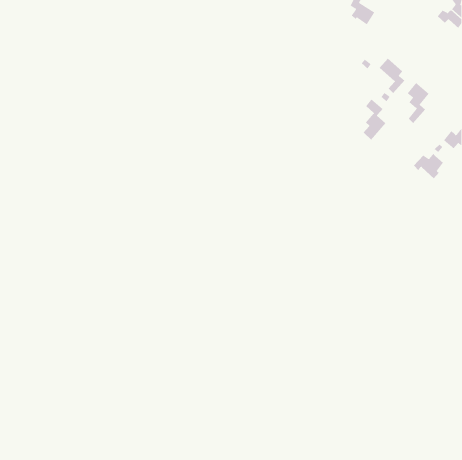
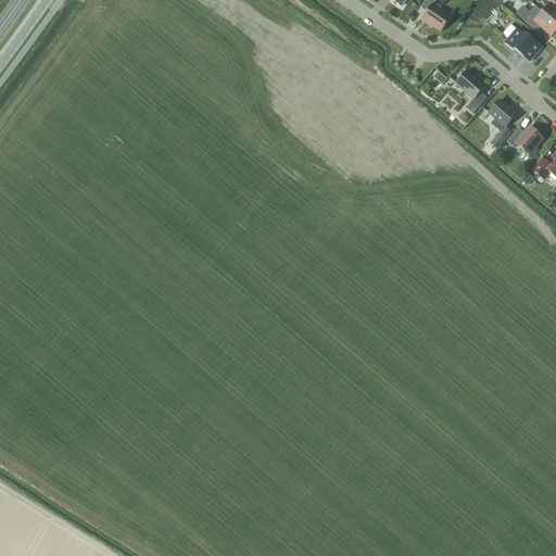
building: none -> [504,28,541,60]
building: [363,98,386,140] -> none
building: [413,153,444,179] -> [506,125,543,156]

